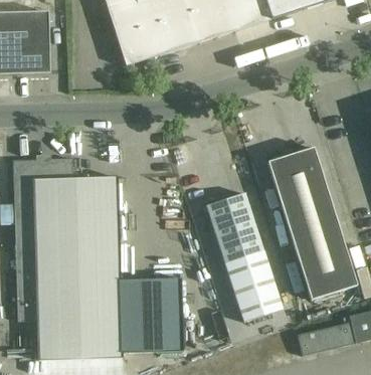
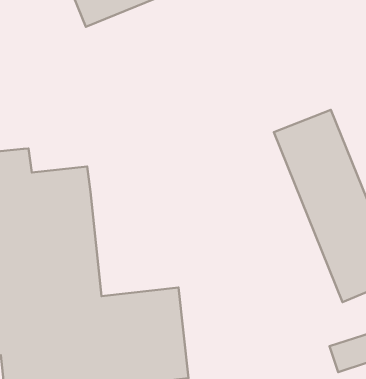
building: [205,192,282,322] -> none

